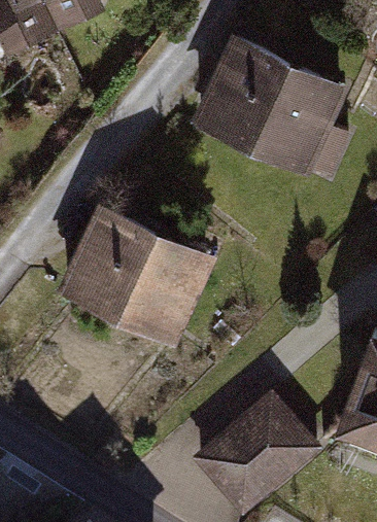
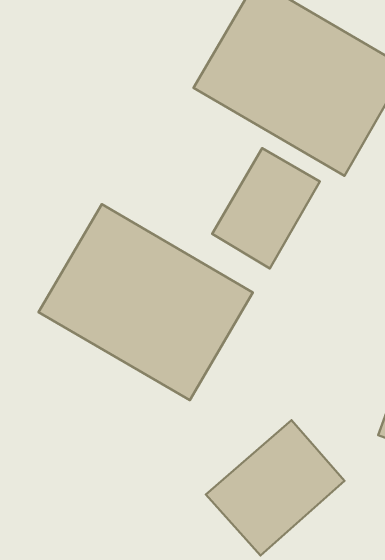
building: none -> [212,148,320,268]

